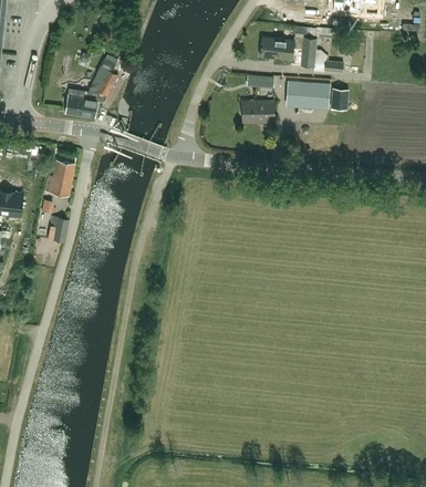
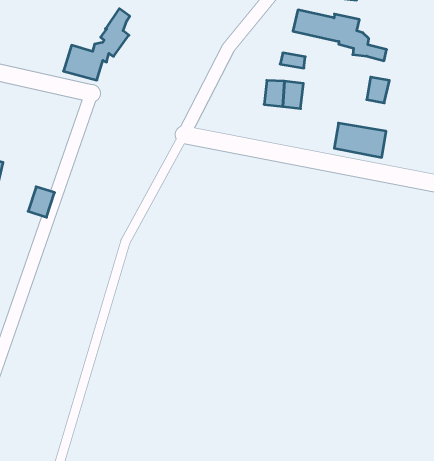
building: [285,81,329,106] -> [334,123,386,157]
building: [44,160,74,196] -> none

